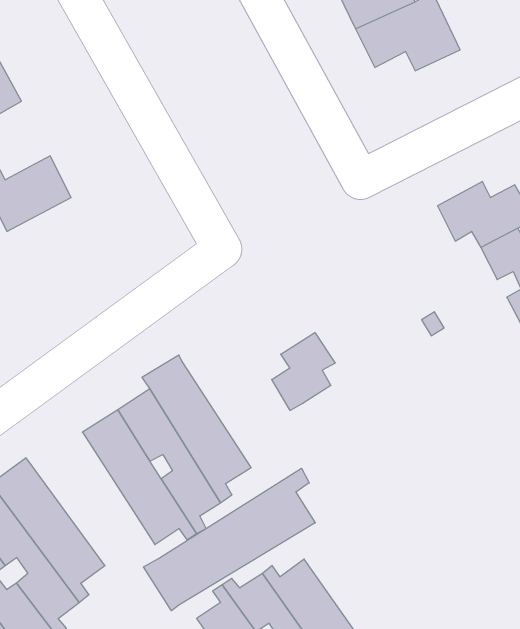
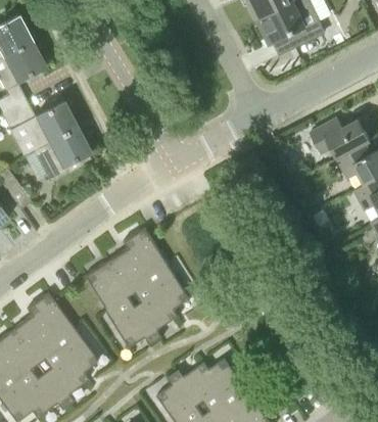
building: none -> [37,128,91,180]
building: [272,333,335,410] -> none
building: [143,468,315,611] -> none

